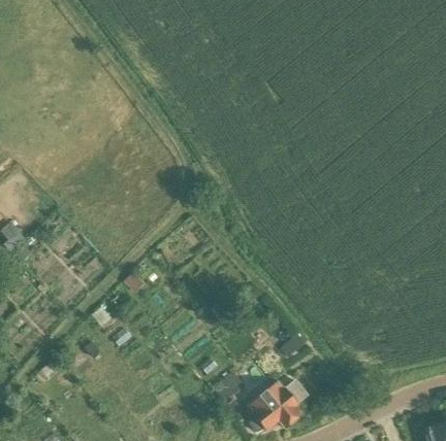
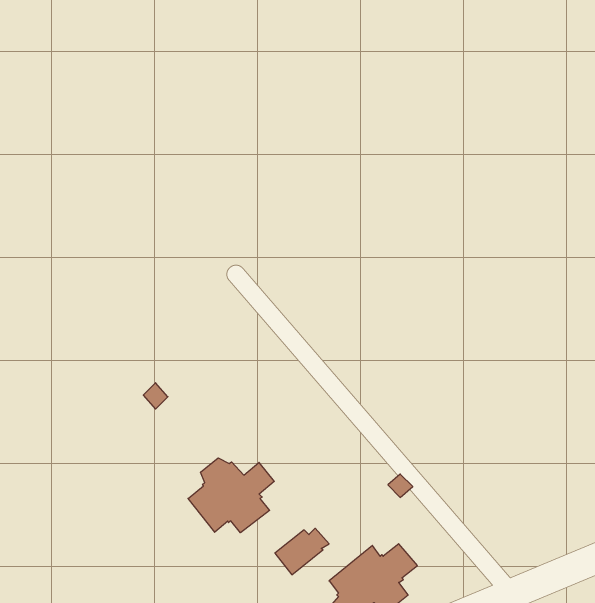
building: none -> [188,458,274,533]

